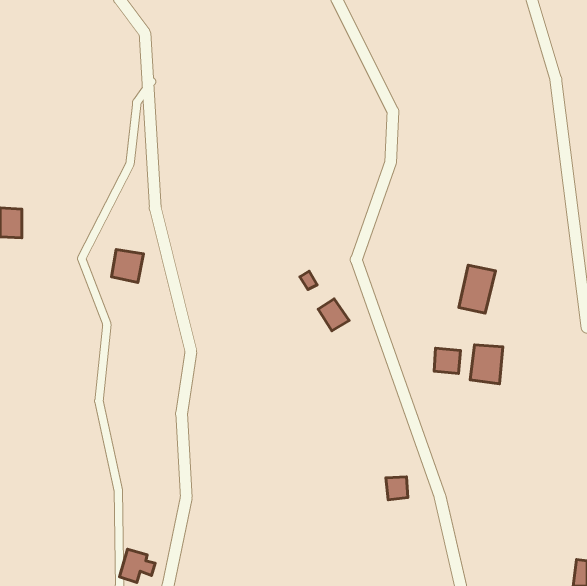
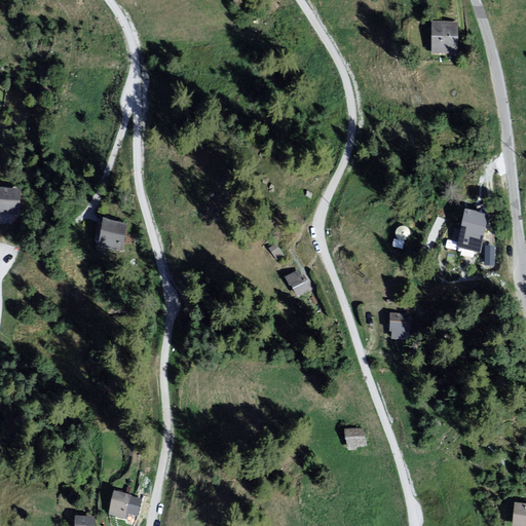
building: none -> [431,23,456,54]
building: [459,265,496,313] -> [457,205,490,249]
building: [470,345,503,384] -> none

